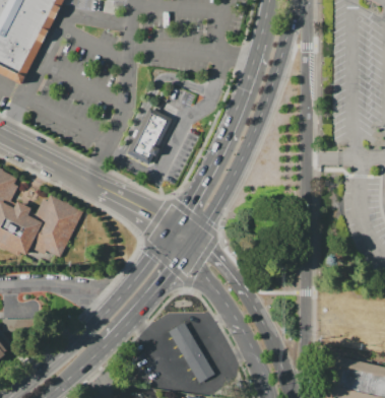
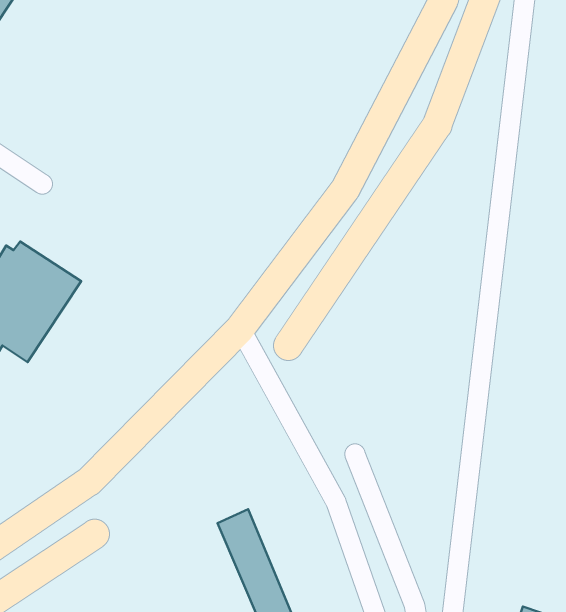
building: [127,107,174,163] -> none

